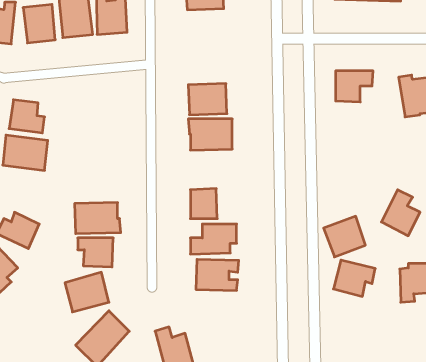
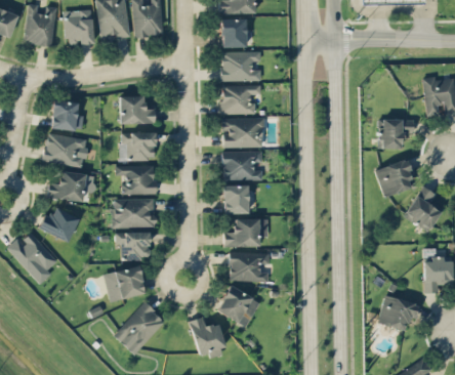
building: none -> [221,18,246,47]
building: none -> [221,51,261,81]
building: [336,71,373,102] -> [378,119,414,149]
building: none -> [120,95,156,124]
building: none -> [121,132,156,160]
building: none -> [223,151,262,180]
building: none -> [116,165,156,194]
building: none -> [47,170,86,201]
building: [324,216,365,257] -> [375,158,415,197]
building: [333,260,375,296] -> [378,295,418,330]
building: none -> [216,285,260,327]

